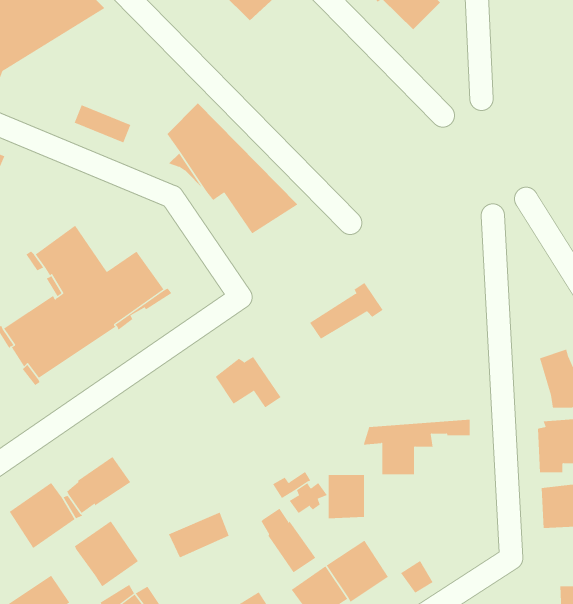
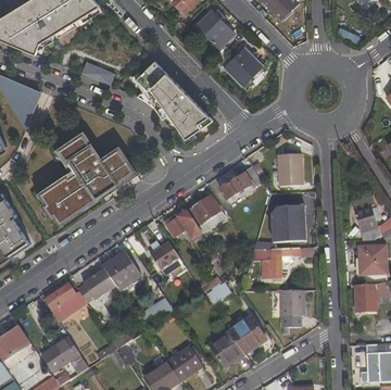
building: none -> [198,11,234,48]
building: none -> [226,49,261,85]
building: none -> [278,153,303,186]
building: none -> [190,190,220,225]
building: none -> [272,206,305,242]
building: none -> [151,242,184,275]
building: [328,474,365,519] -> [282,291,304,317]
building: [261,508,316,573] -> none
building: [74,520,139,587] -> [103,251,141,290]

